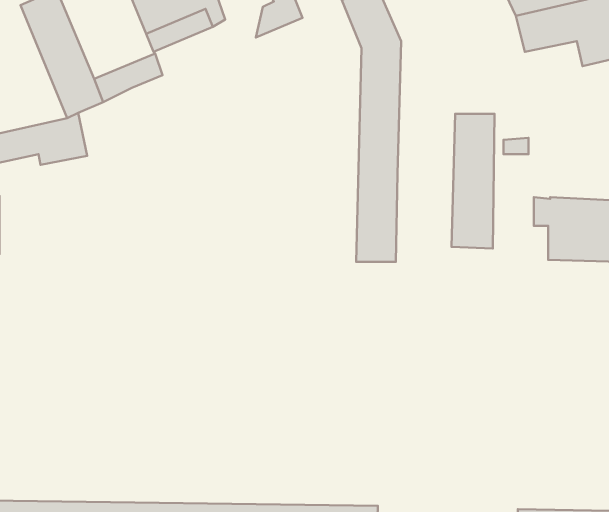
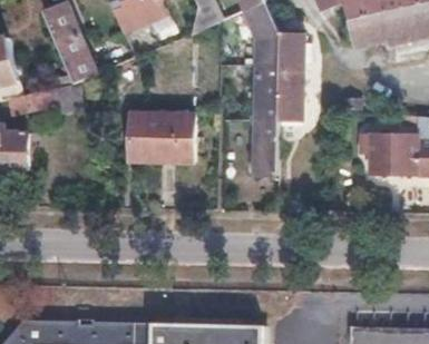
building: [452,114,495,249] -> [276,36,303,119]
building: none -> [130,110,193,158]

